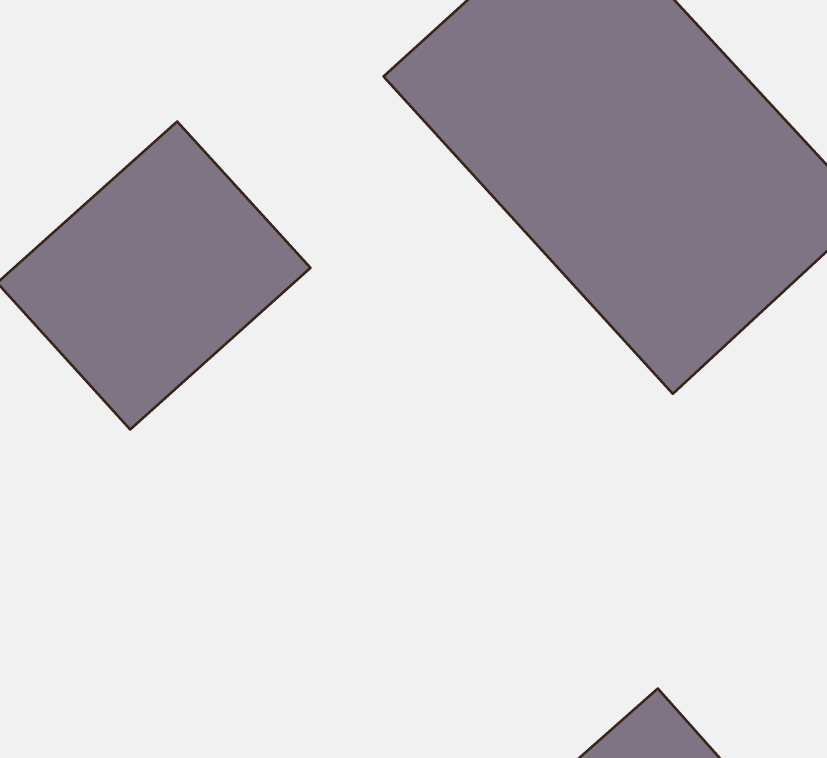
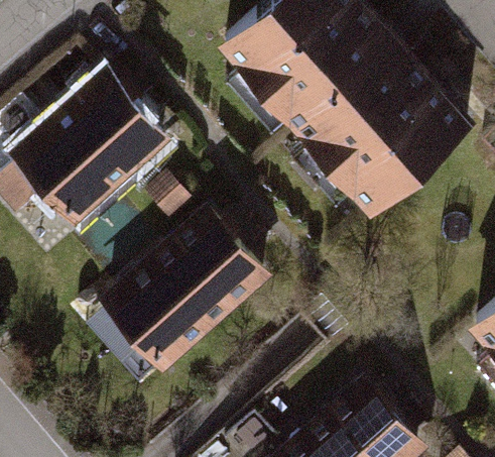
building: none -> [92,203,266,372]

